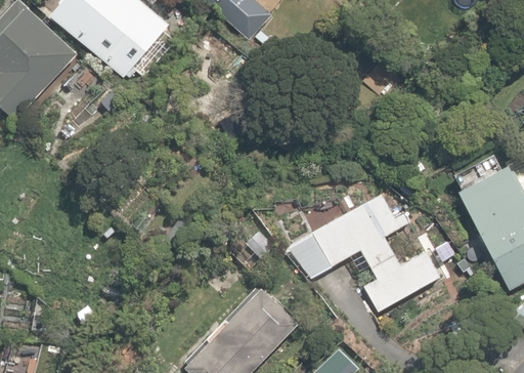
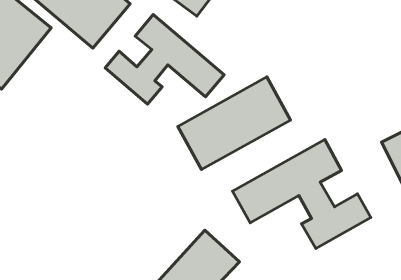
building: none -> [105,15,224,104]
building: none -> [178,77,290,170]

